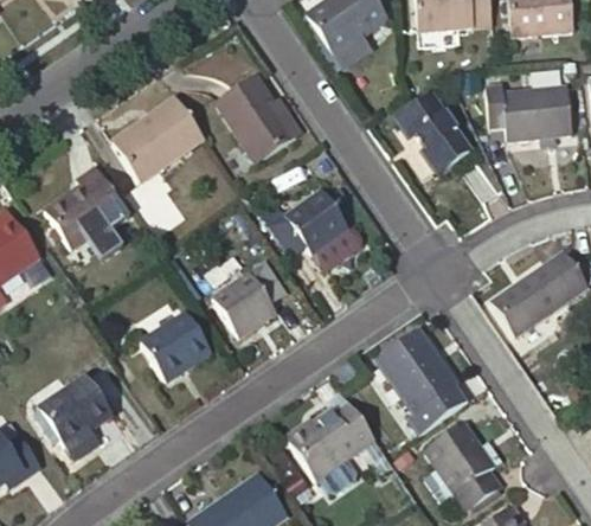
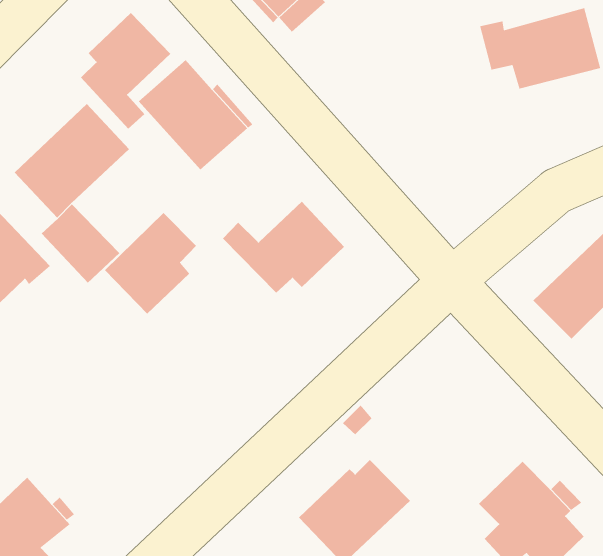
building: none -> [80,12,171,130]
building: [397,92,471,169] -> none
building: [212,263,285,339] -> [104,212,197,315]
building: [137,309,210,380] -> none
building: [378,329,469,435] -> none

